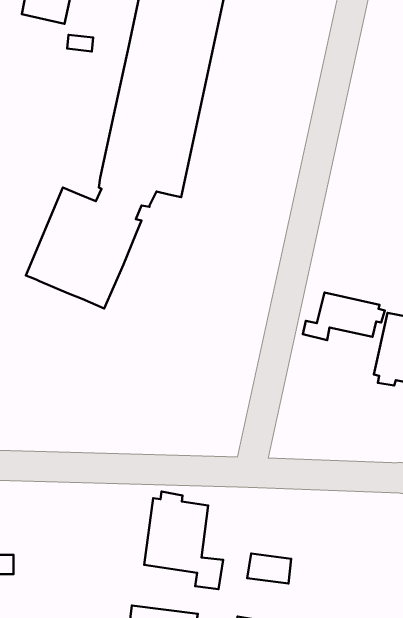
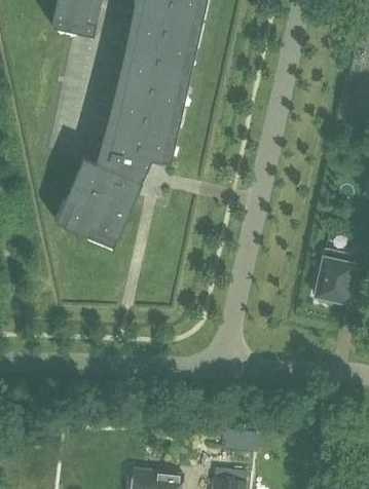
building: [303,292,385,340] -> none
building: [144,492,223,589] -> none

